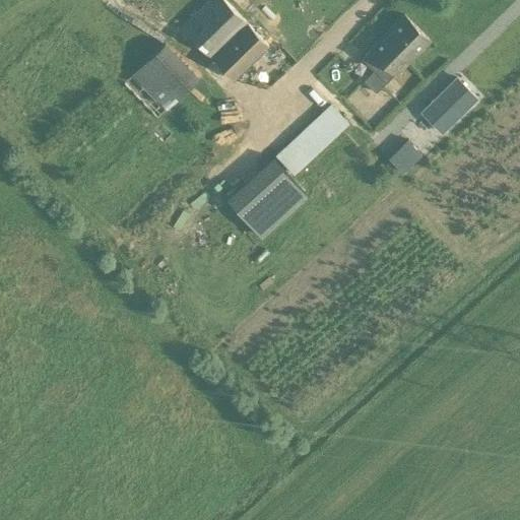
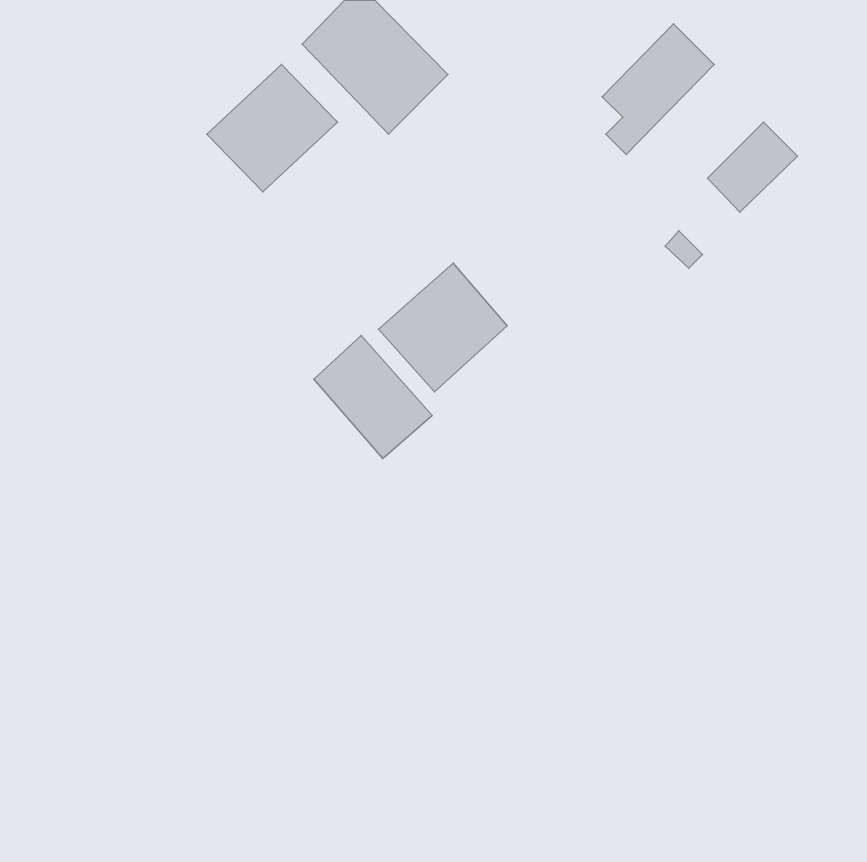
building: [275,107,347,177] -> none
building: none -> [314,336,432,459]

